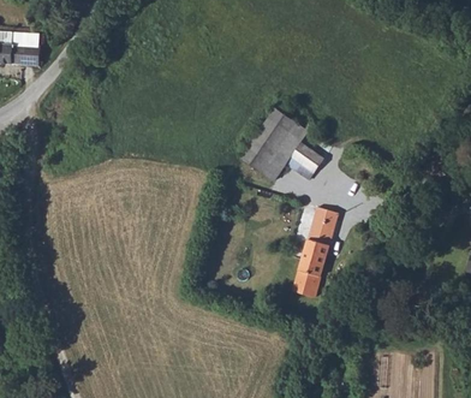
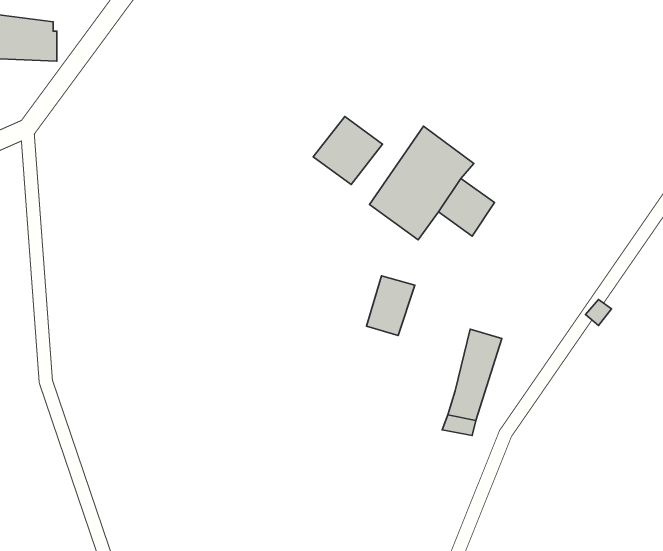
building: none -> [313,116,383,184]
building: [308,204,339,243] -> [366,276,415,335]

